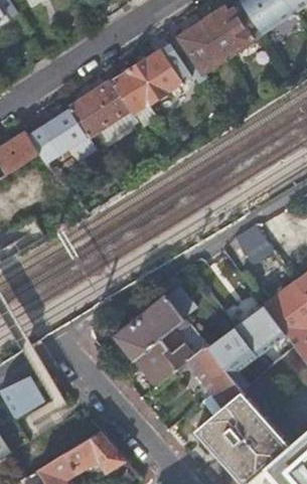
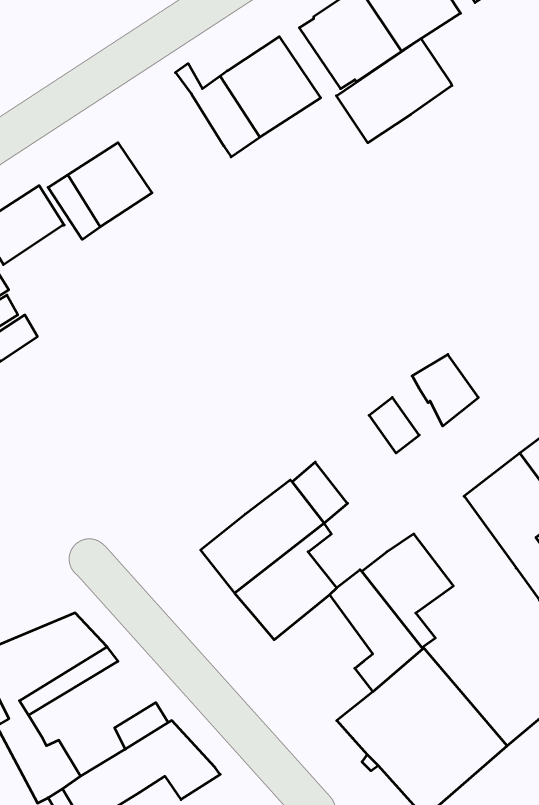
building: none -> [336,39,452,143]
building: [68,80,128,136] -> none
building: [235,306,292,369] -> none

